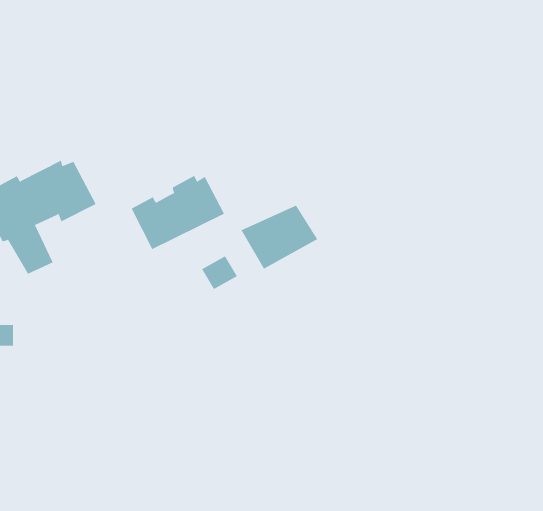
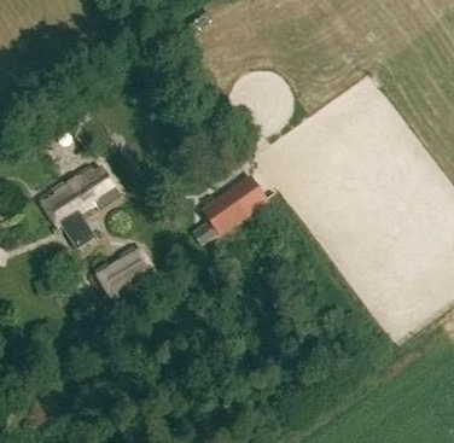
building: [131,175,225,250] -> [93,244,157,297]

